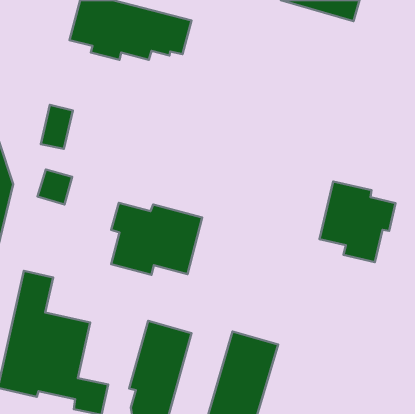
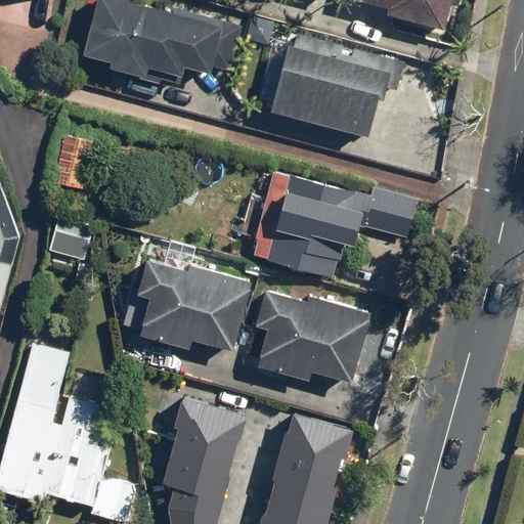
building: none -> [275,38,402,138]
building: none -> [254,171,413,276]
building: [320,182,395,262] -> none
building: none -> [256,289,372,381]

